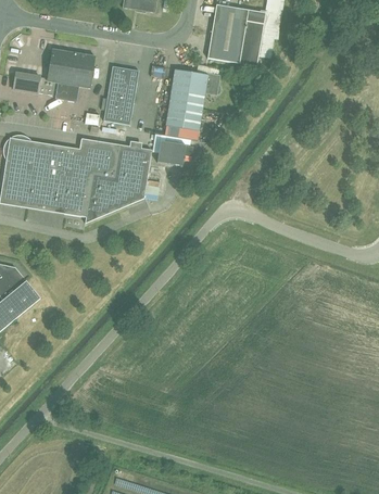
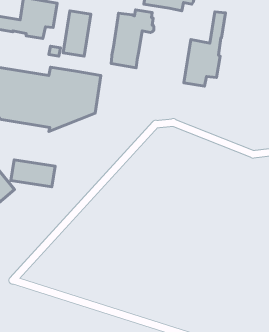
building: none -> [184,12,226,86]
building: [155,140,192,165] -> none
building: none -> [11,160,55,187]

